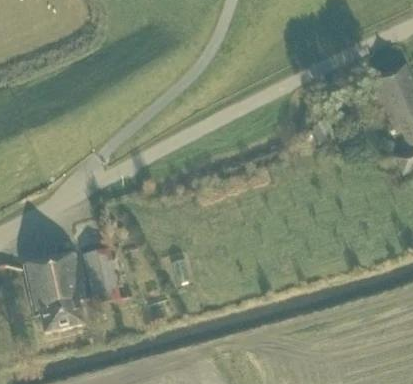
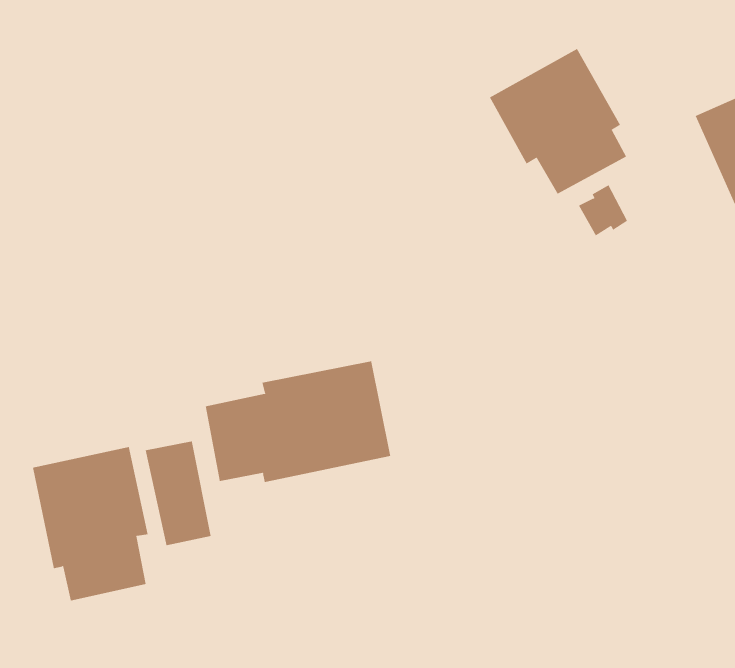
building: none -> [489,48,627,195]
building: none -> [205,360,391,483]

